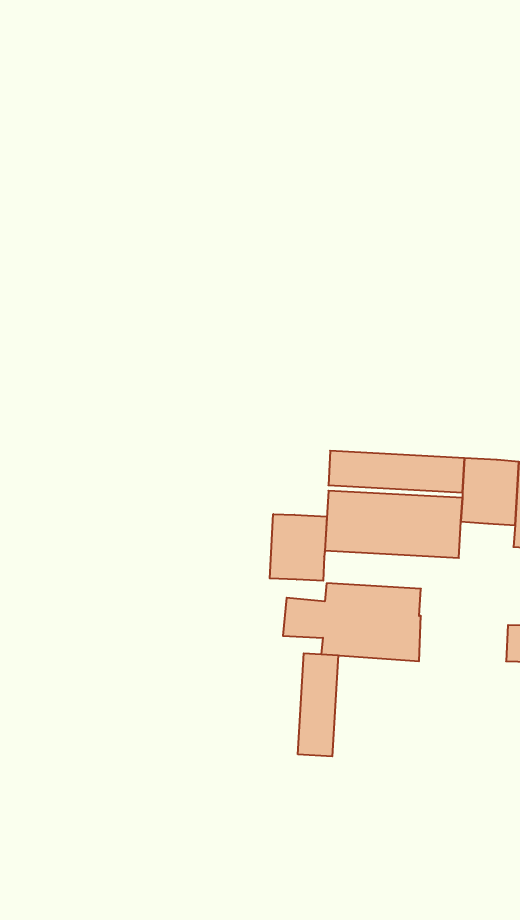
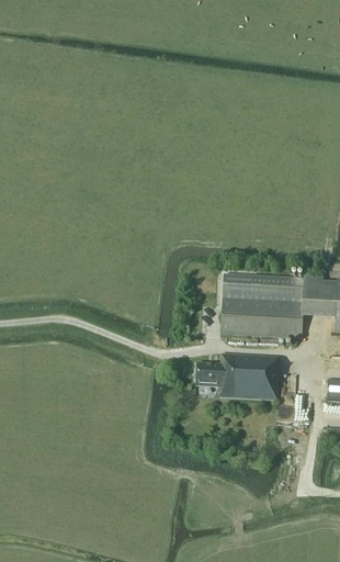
building: [270,514,327,581] -> none
building: [298,653,338,756] -> none

